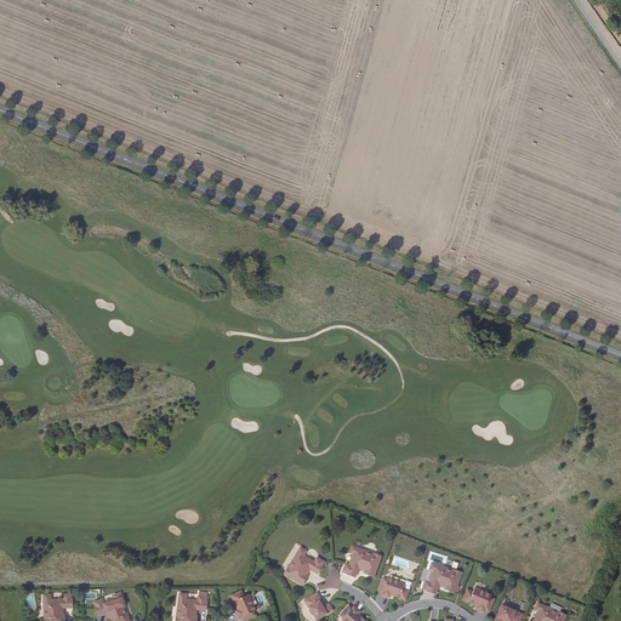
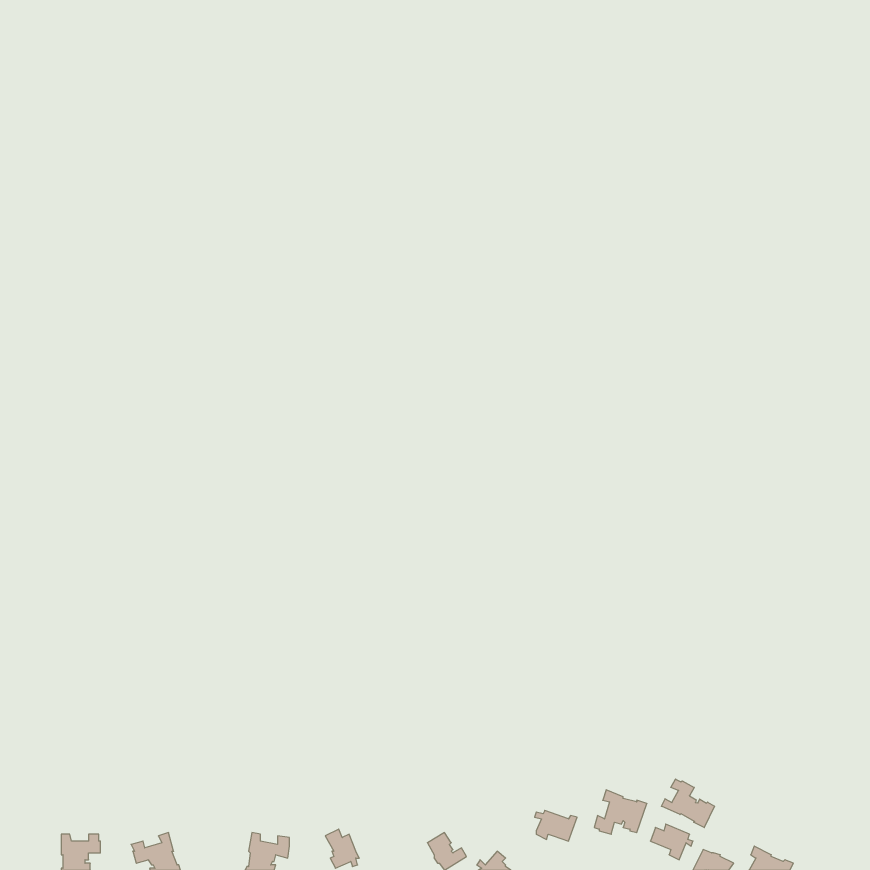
building: [342,546,381,577] -> none
building: [284,548,324,586] -> none
building: none -> [661,779,714,828]

